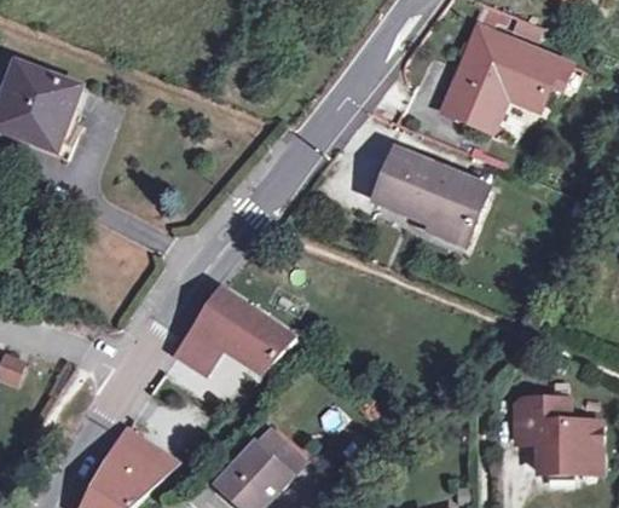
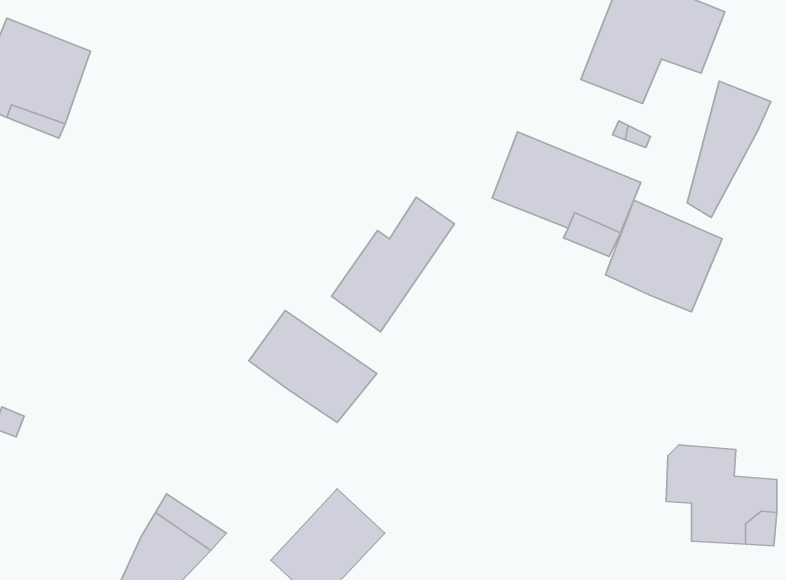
building: none -> [687,81,771,217]
building: none -> [331,197,455,332]
building: none -> [605,200,722,312]
building: [175,327,225,377] -> none

